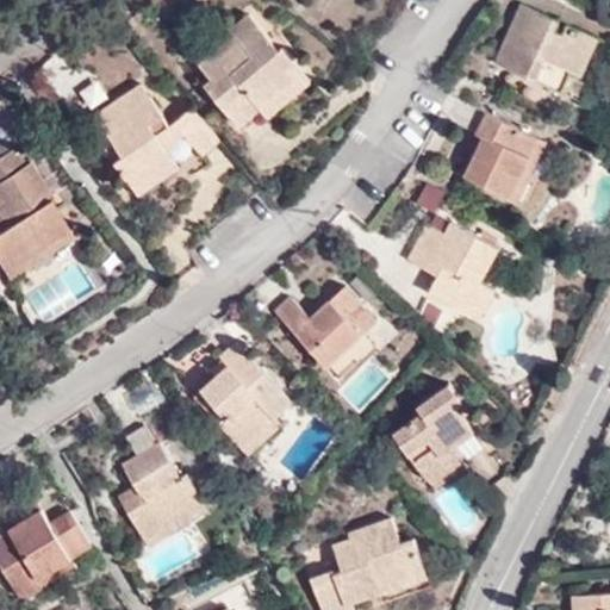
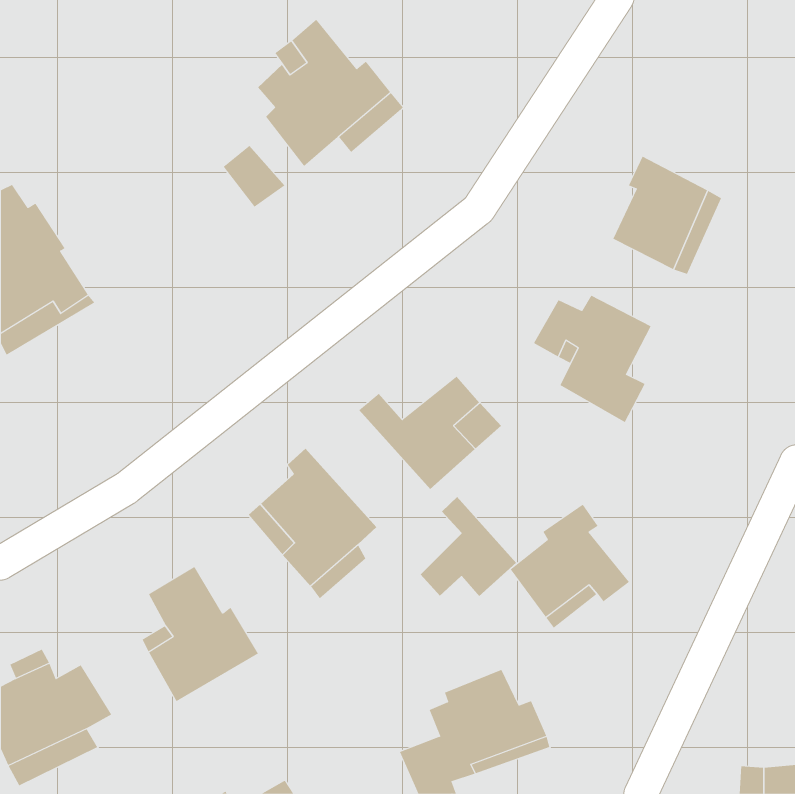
building: [492,10,593,100] -> none
building: [97,87,181,198] -> none
building: none -> [420,496,517,597]

